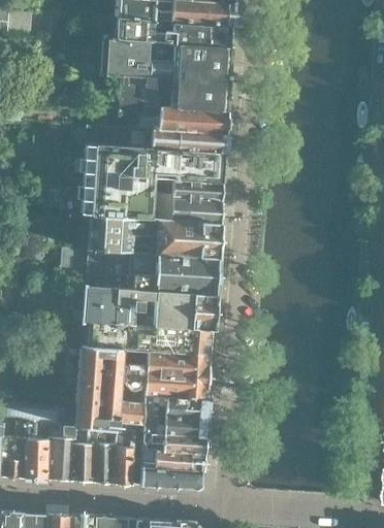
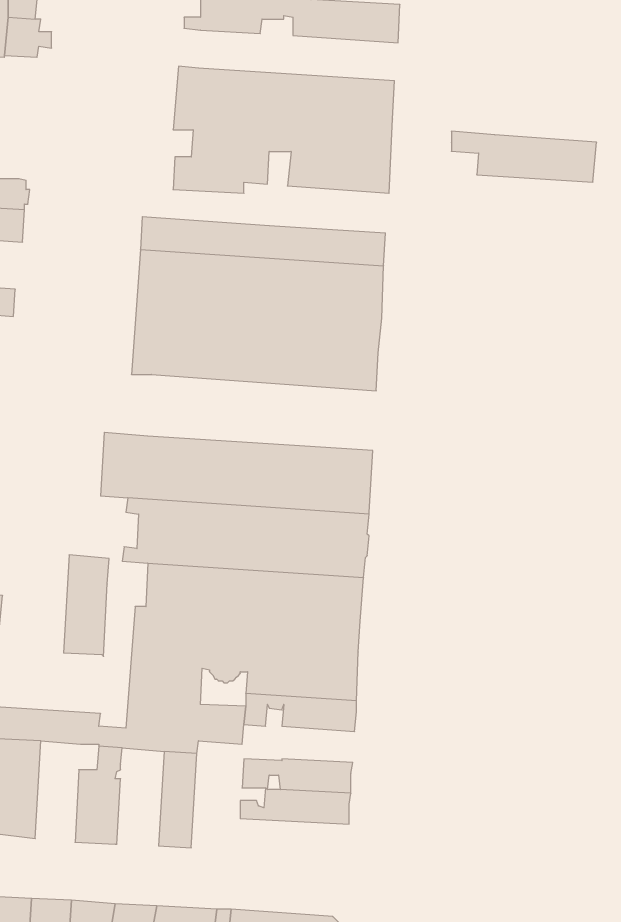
building: [117,19,230,47] -> none
building: [142,105,225,134] -> [451,131,597,182]
building: [88,214,218,258] -> none
building: [141,414,205,435] -> none
building: [24,423,50,481] -> [64,555,109,656]
building: [70,427,97,483] -> none
building: [113,430,134,485] -> none
building: [139,467,202,489] -> none

